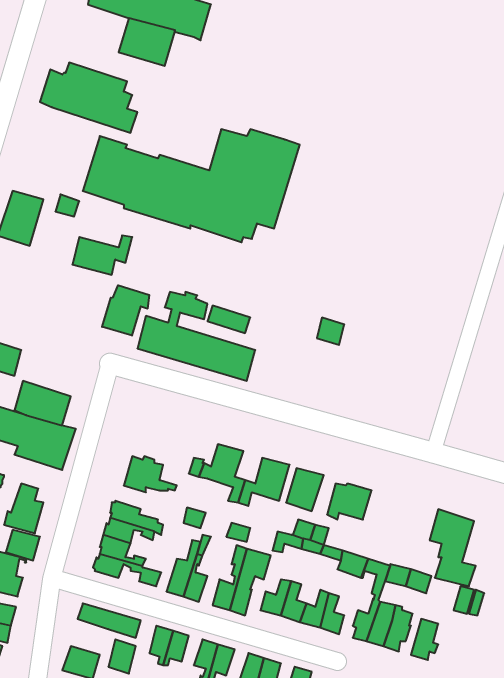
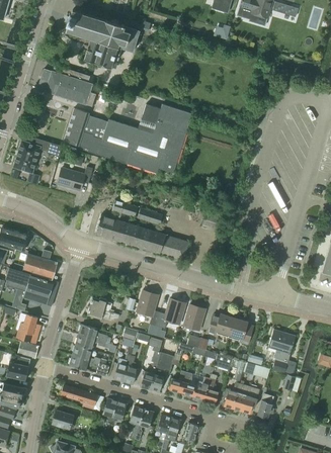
building: [102,285,149,336] -> none
building: none -> [161,236,189,261]
building: none -> [230,319,253,345]

